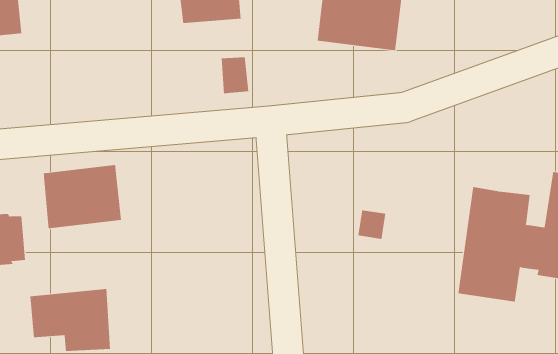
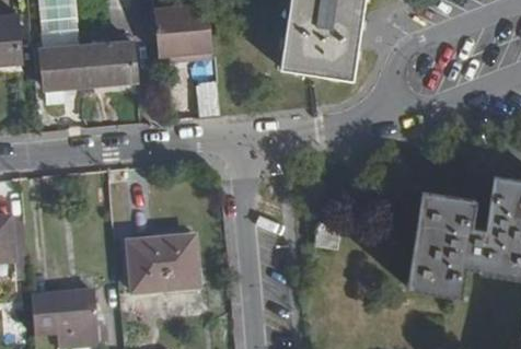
building: none -> [32,38,137,85]
building: [43,165,122,229] -> [127,235,197,292]

